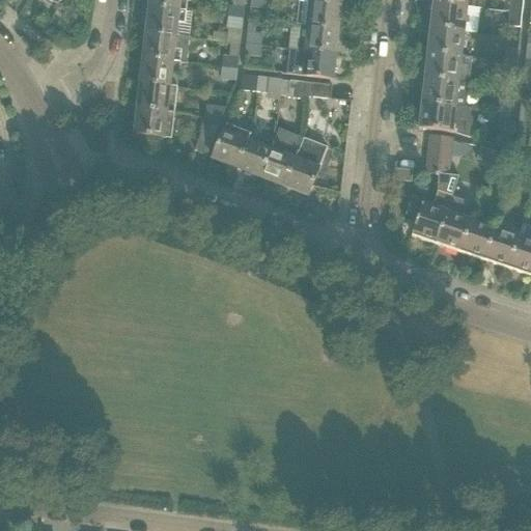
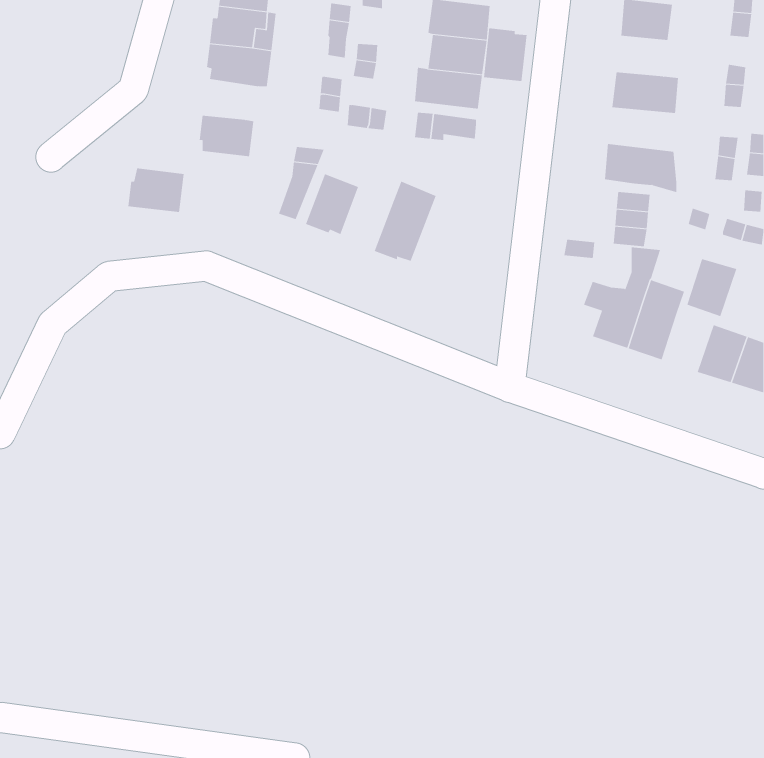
building: none -> [483,27,527,82]
building: [427,25,464,53] -> none
building: [140,55,179,84] -> none
building: [421,75,469,105] -> none
building: [134,105,173,136] -> [128,168,184,213]
building: [236,130,273,174] -> none
building: [285,136,327,193] -> none
building: [459,218,495,258] -> [686,259,737,317]

